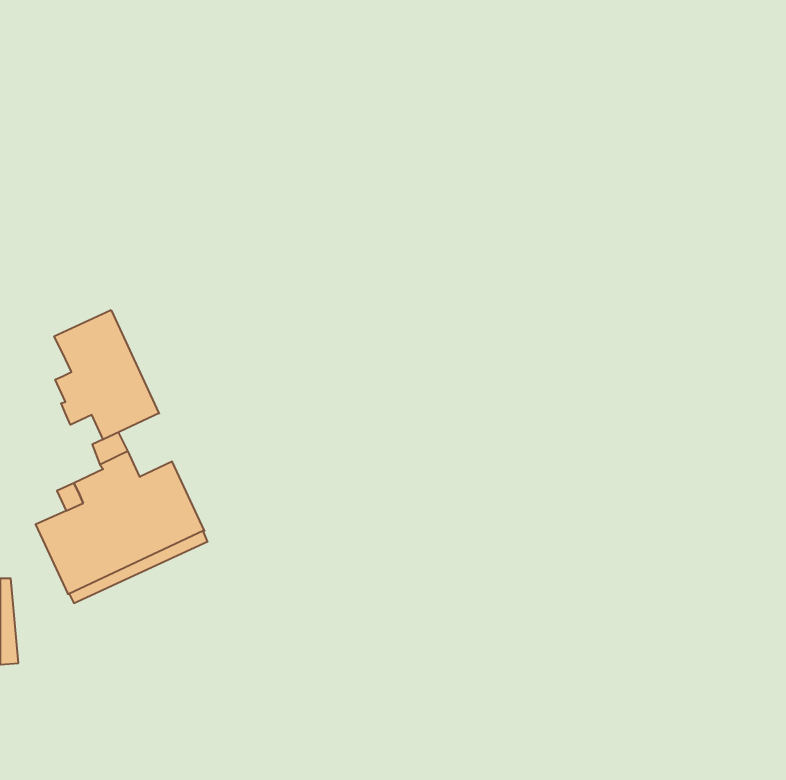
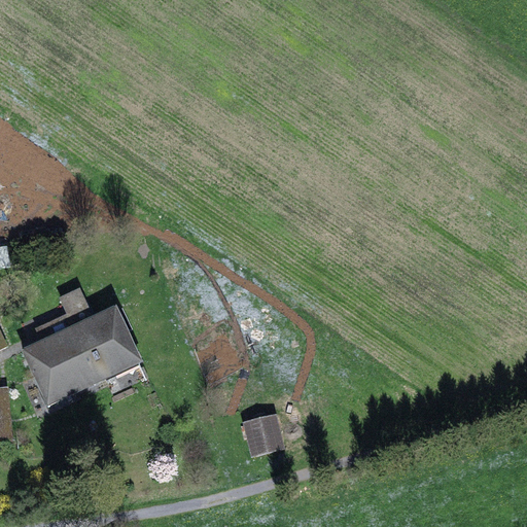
building: [54,310,159,440] -> none
building: none -> [247,416,282,454]

